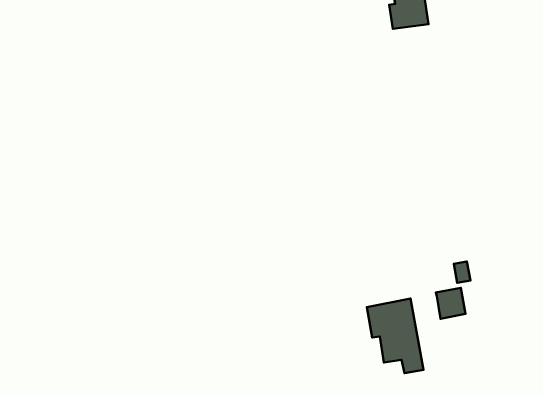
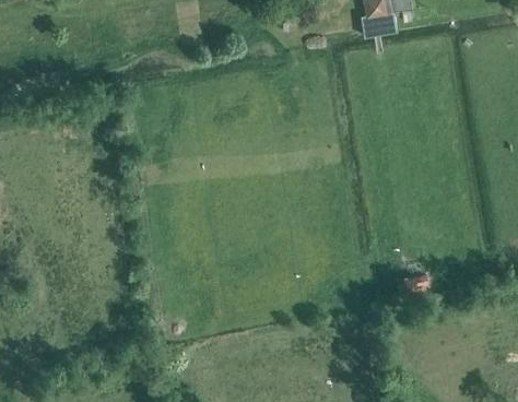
building: [367,298,423,373] -> none

